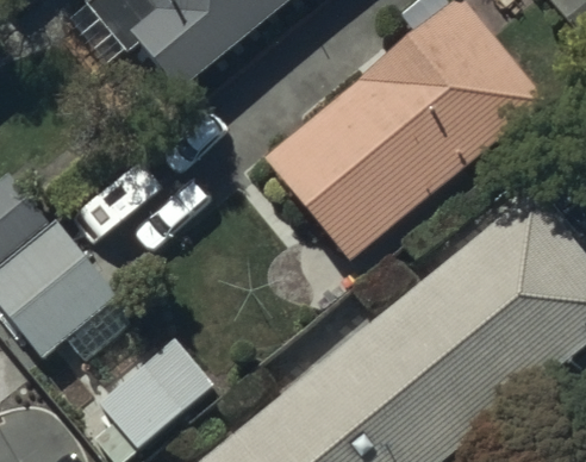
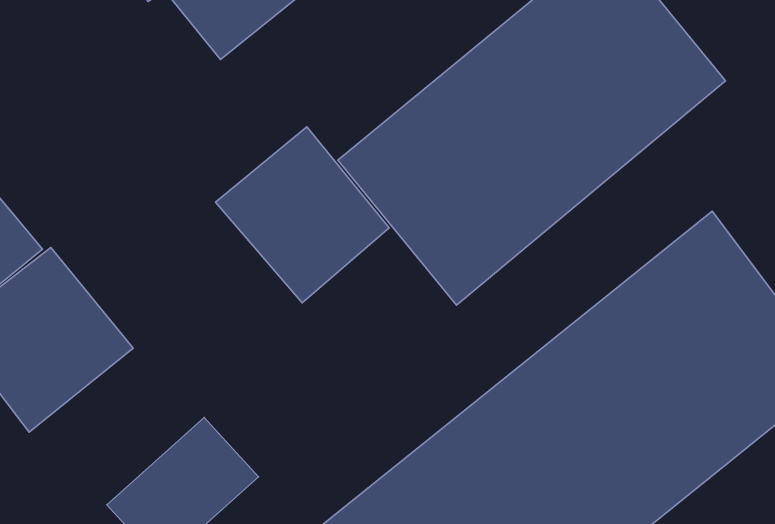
building: none -> [215,127,389,303]

